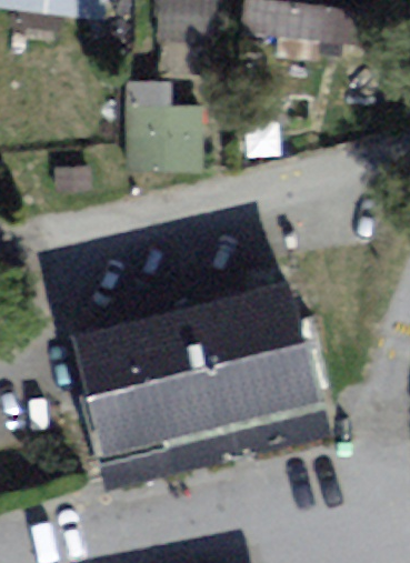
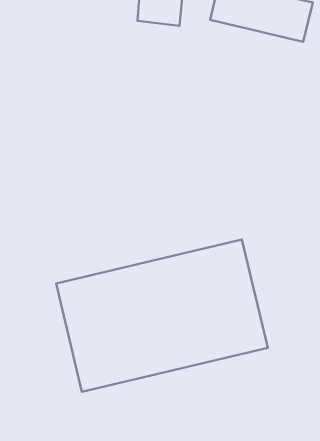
building: [136,84,213,165] -> none

